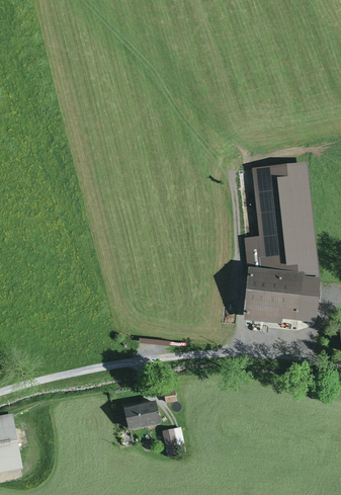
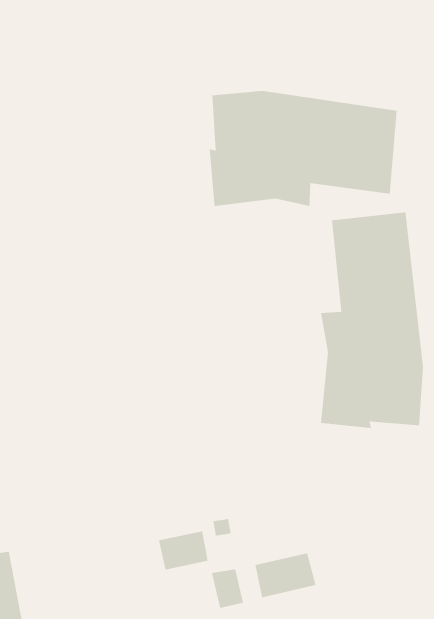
building: none -> [209,90,397,207]
building: none -> [255,553,316,598]

